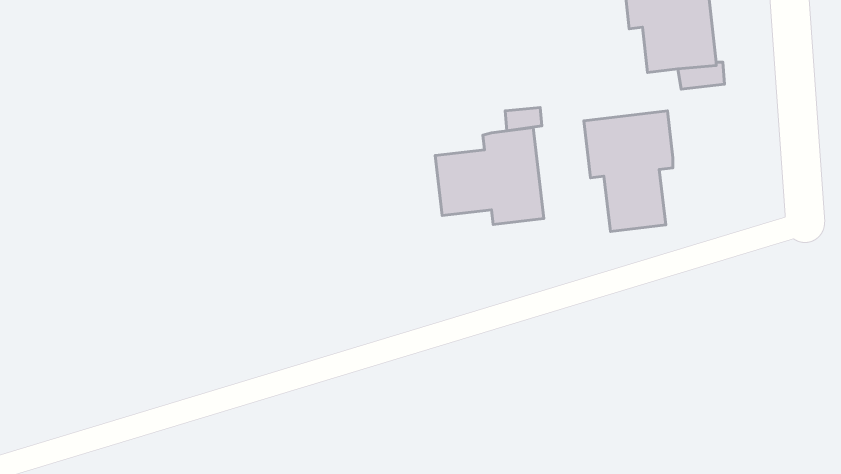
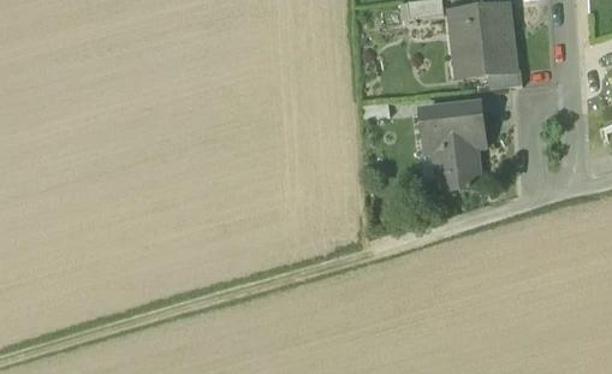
building: [435,128,544,225] -> none

